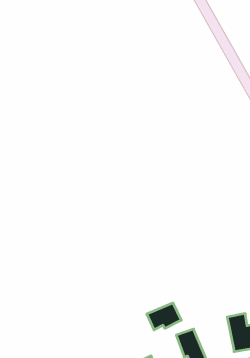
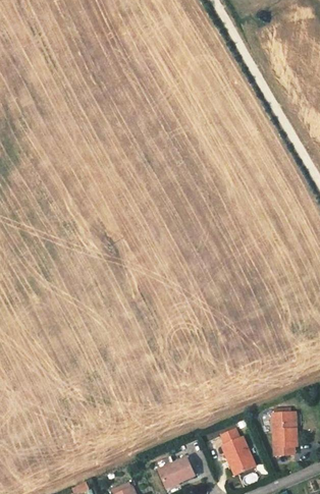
building: [147,303,181,330] -> none

